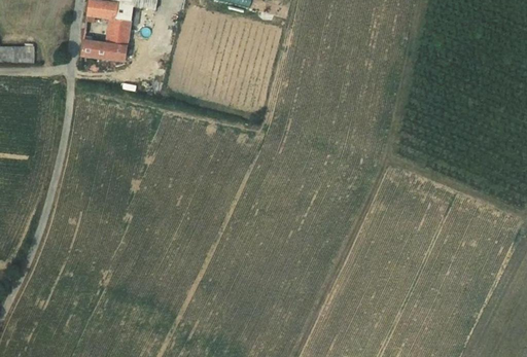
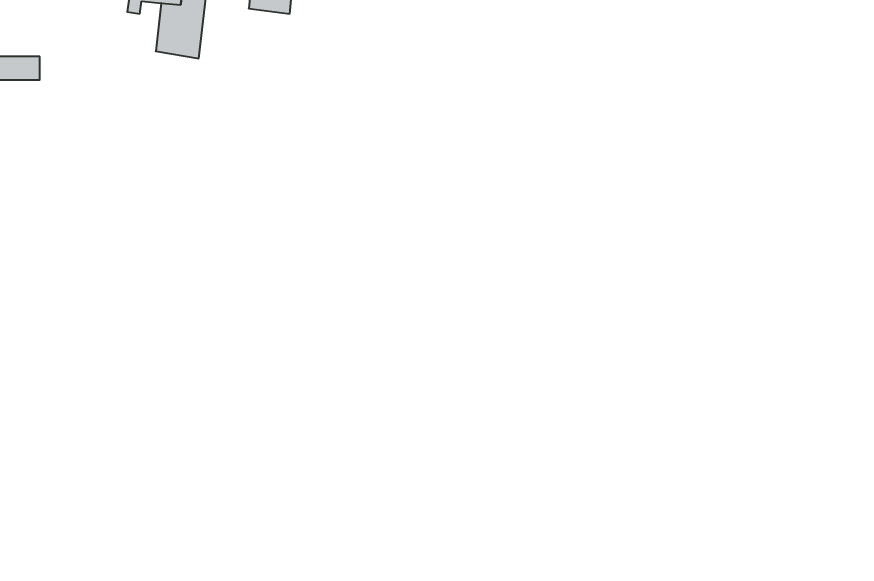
building: [80,41,126,62] -> none

